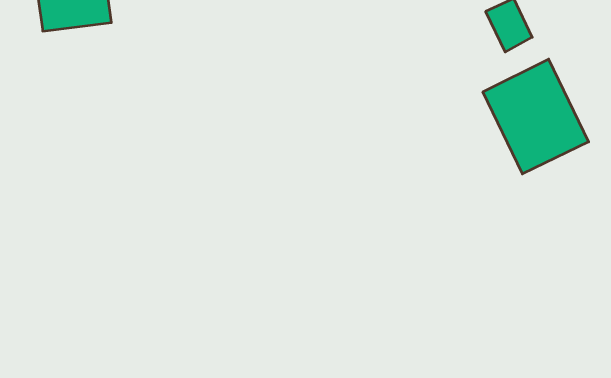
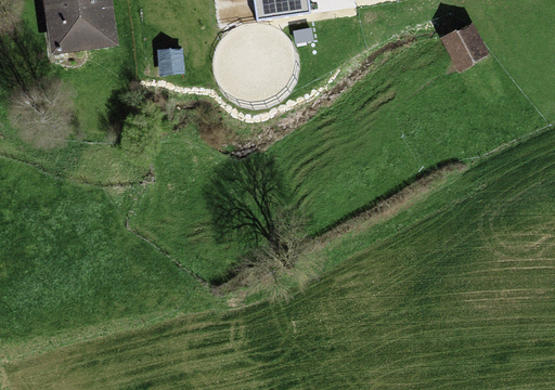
building: [483,59,589,174] -> none

